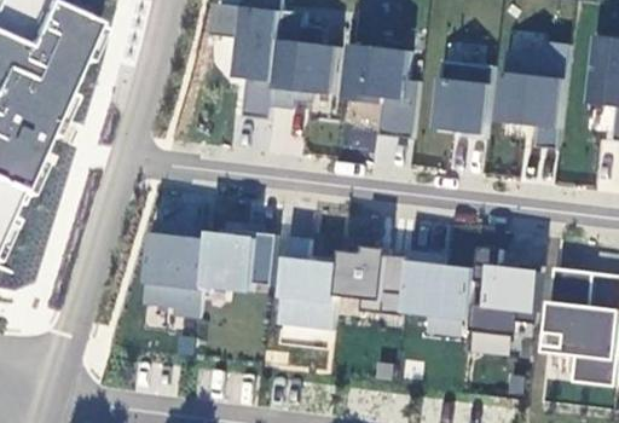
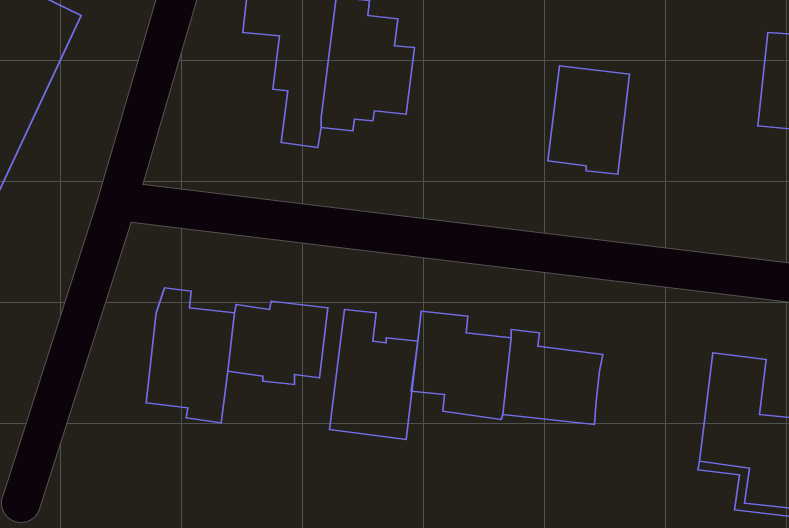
building: [498,41,568,149] -> none
building: [343,44,418,138] -> none
building: [467,247,542,336] -> none

